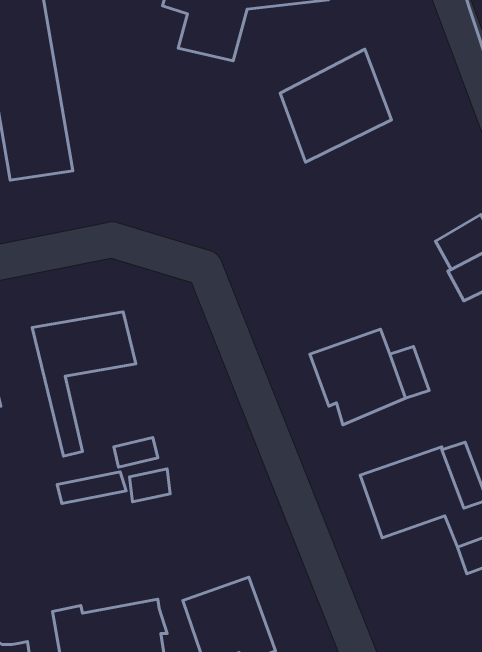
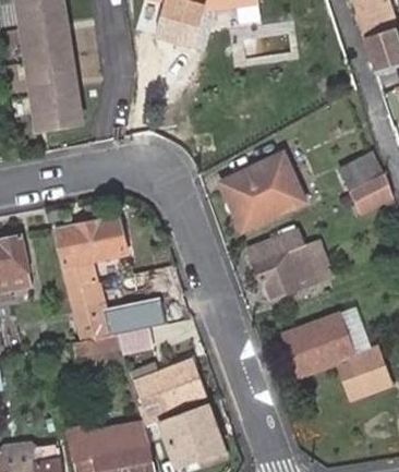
building: [280,49,392,162] -> [222,153,300,231]
building: none -> [76,263,109,336]
building: none -> [134,356,205,409]

